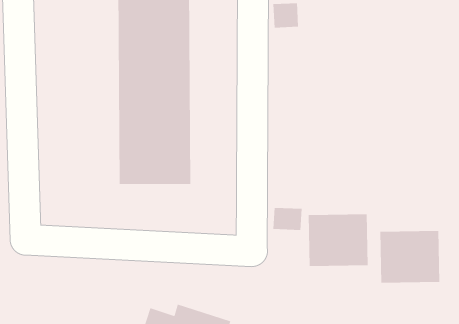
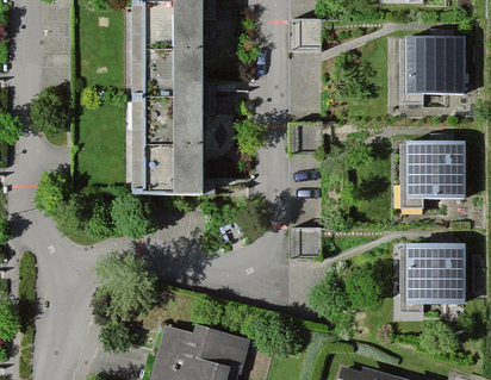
building: none -> [402,38,465,93]
building: [308,214,369,267] -> [403,139,466,194]

